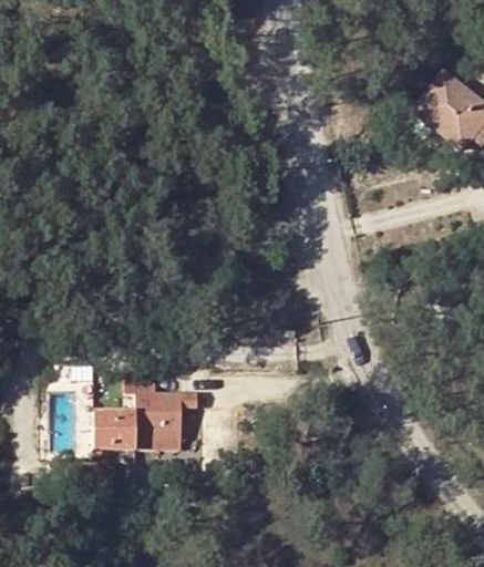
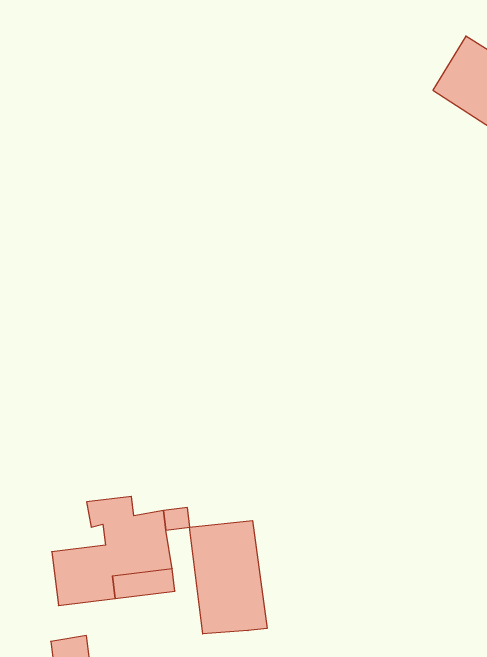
building: none -> [190,521,267,634]

